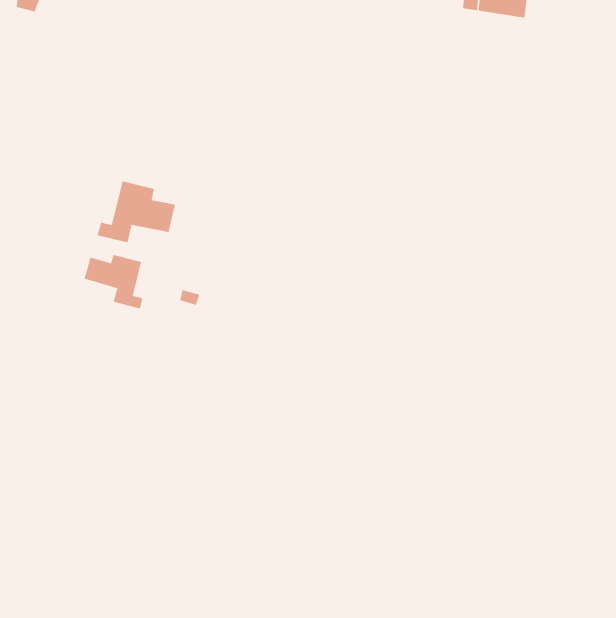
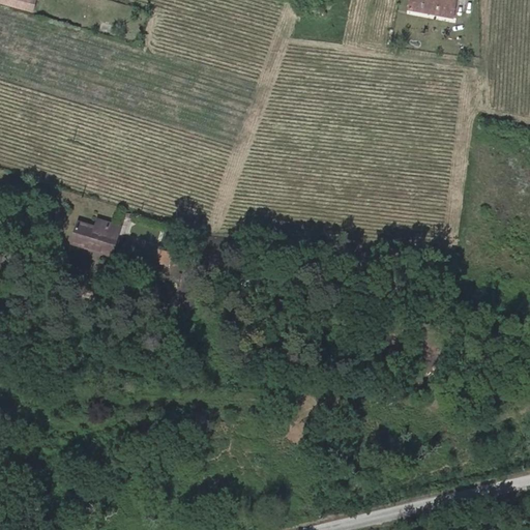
building: [97,180,175,243] -> none

